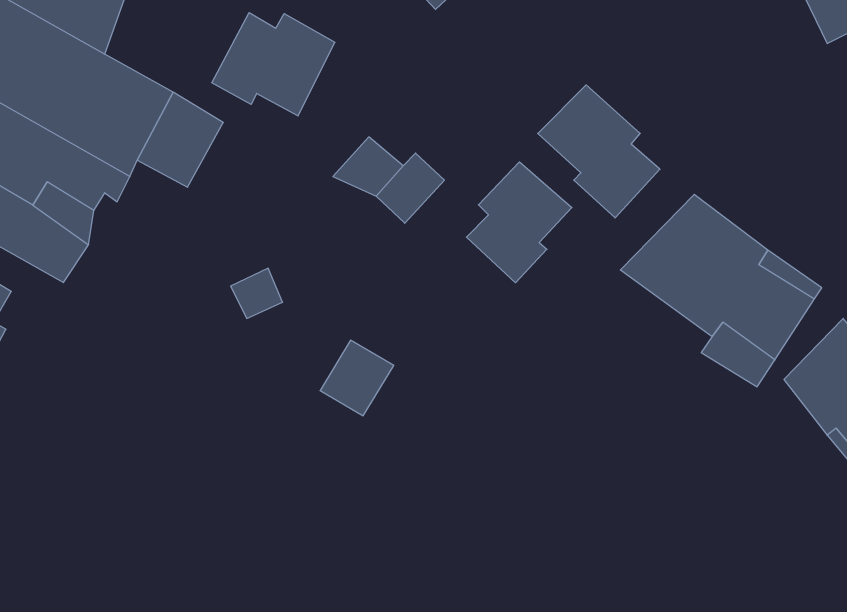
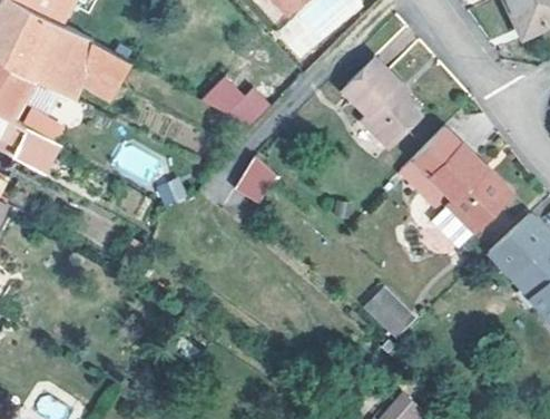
building: [212,13,335,116] -> none
building: [466,162,572,283] -> none
building: [320,340,394,416] -> [230,154,276,201]
building: none -> [359,281,413,335]

